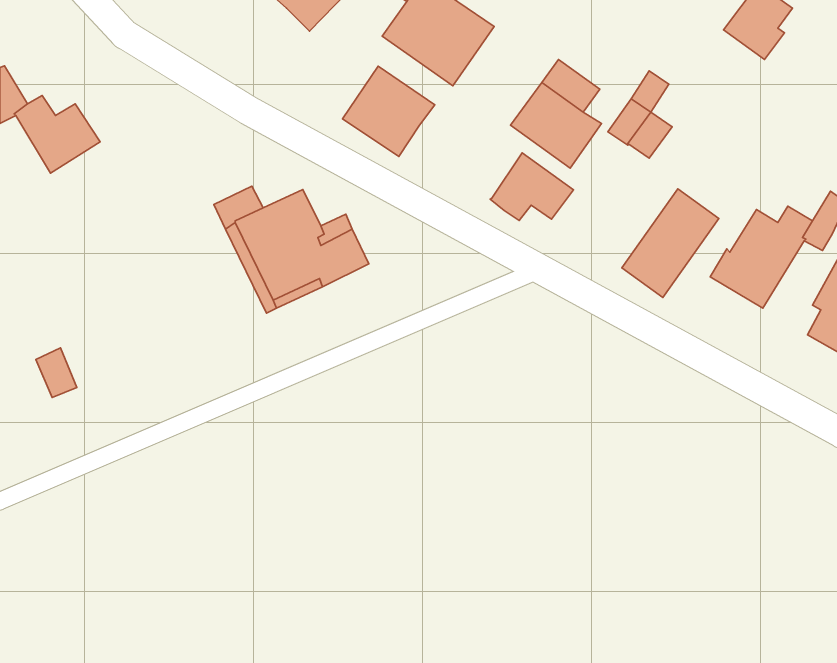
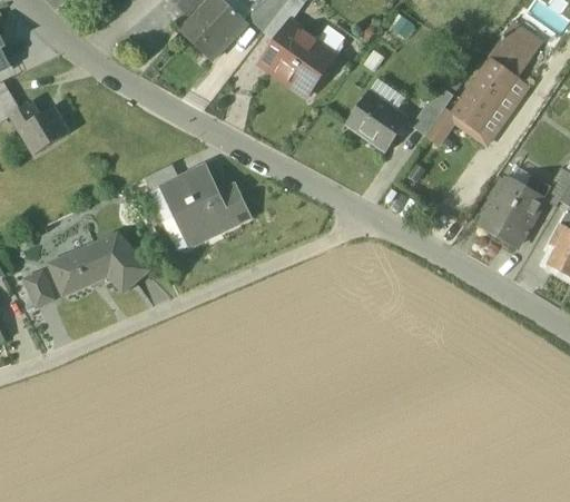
building: [343,66,435,156] -> none
building: [490,153,573,220] -> none
building: [622,189,719,298] -> [452,58,518,131]
building: none -> [50,235,148,295]

